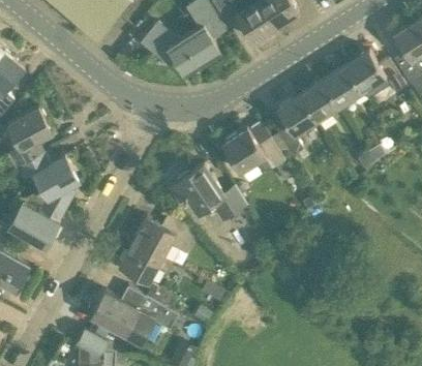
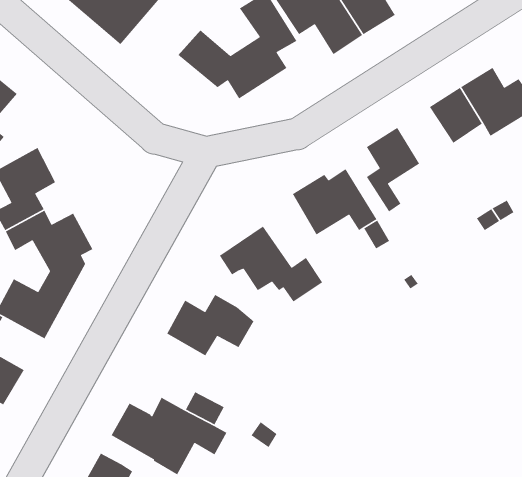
building: [299,80,339,121] -> none
building: [118,244,172,284] -> none

